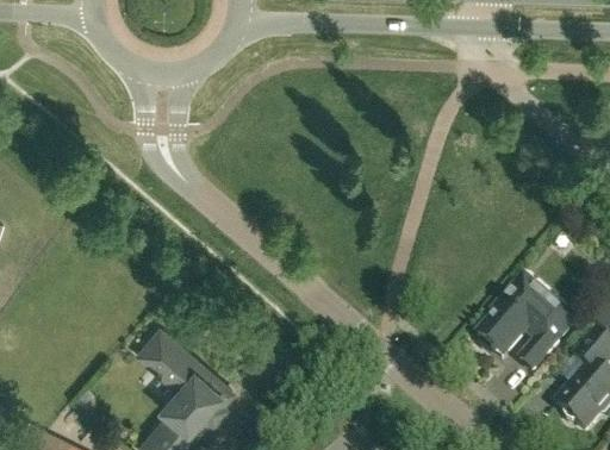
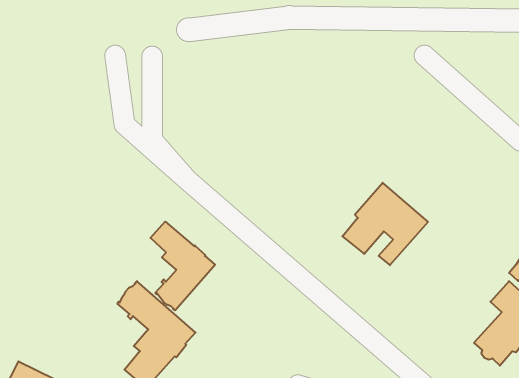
building: none -> [150,222,215,310]
building: [478,274,577,369] -> [342,183,428,265]

